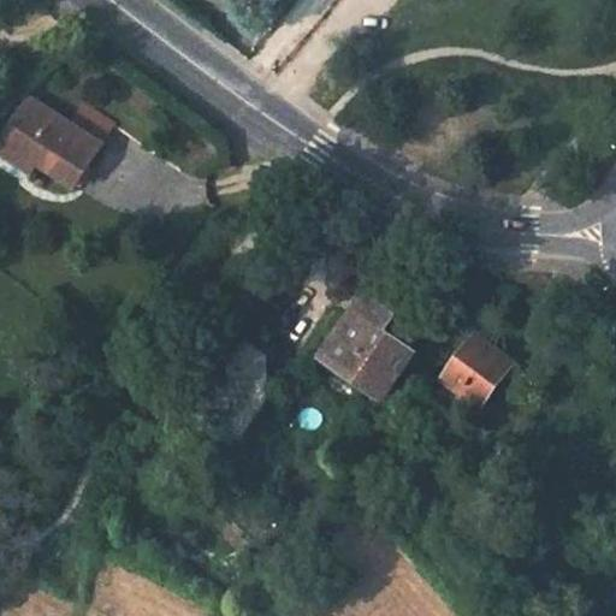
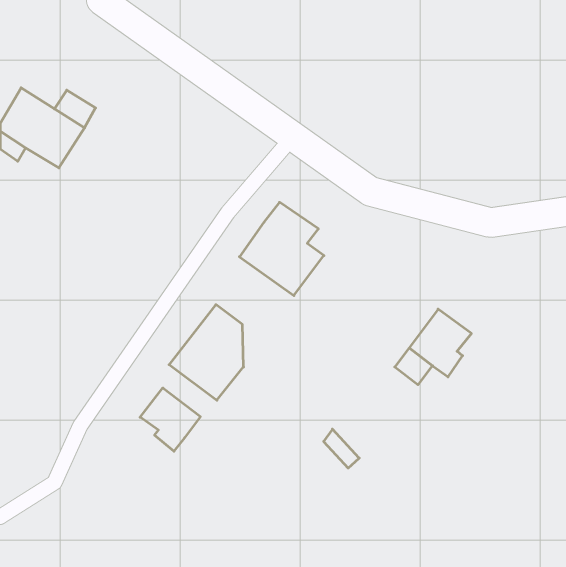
building: [321,295,413,396] -> [239,202,324,296]
building: none -> [140,388,200,451]

